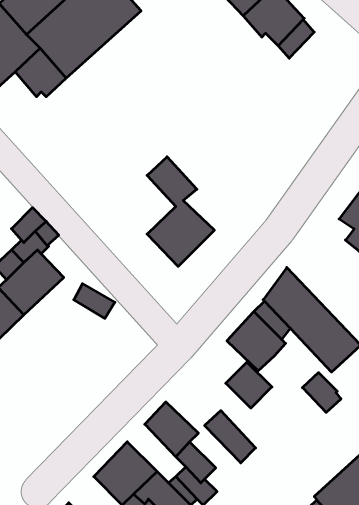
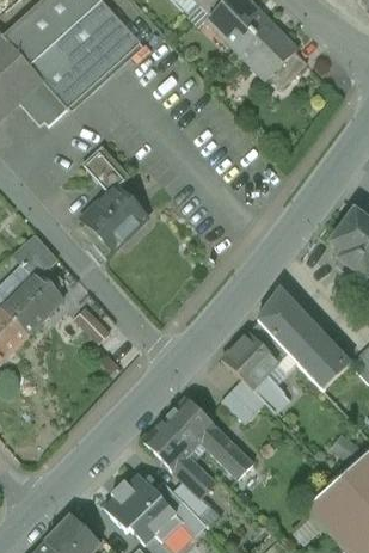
building: [147,157,214,266] -> [82,145,147,250]
building: [302,373,341,412] -> [252,374,289,412]
building: none -> [164,395,216,448]

